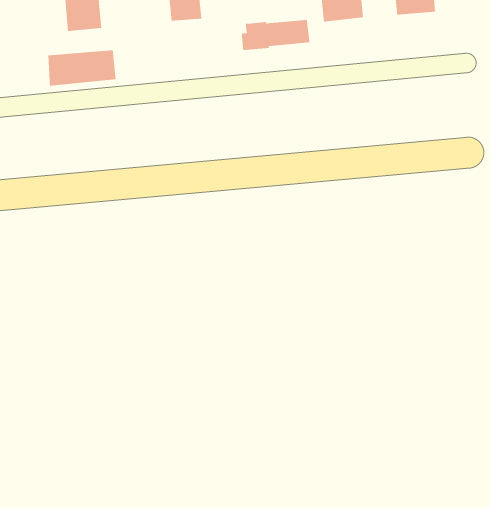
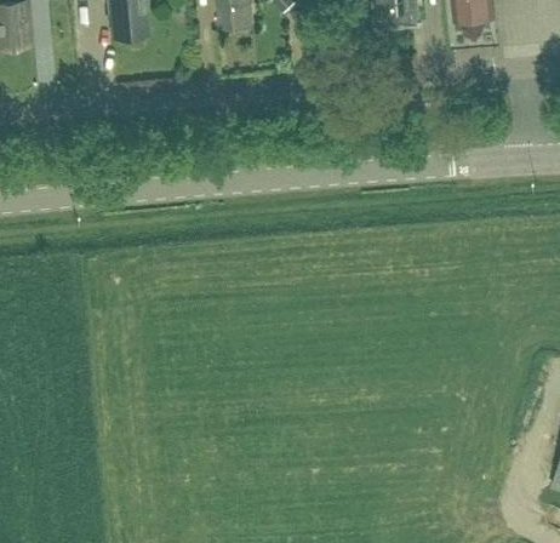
building: [241,19,310,51] -> none
building: [48,49,116,87] -> none

